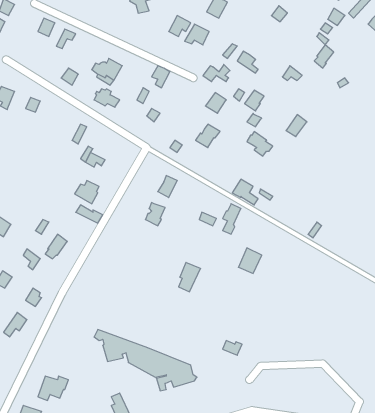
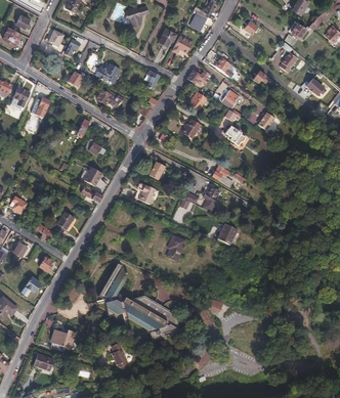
building: none -> [99,264,177,320]

